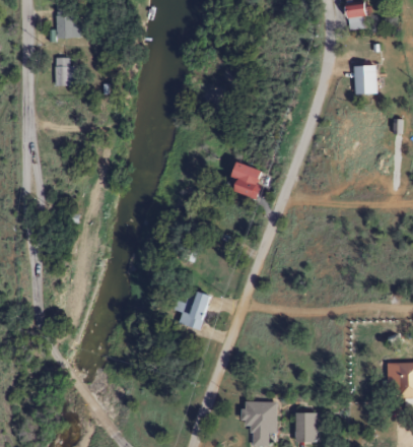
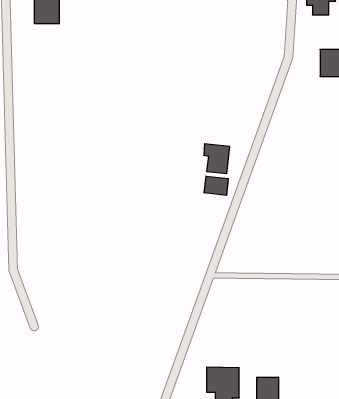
building: [55,57,77,85] -> none
building: none -> [204,176,228,195]
building: [176,290,216,330] -> none

